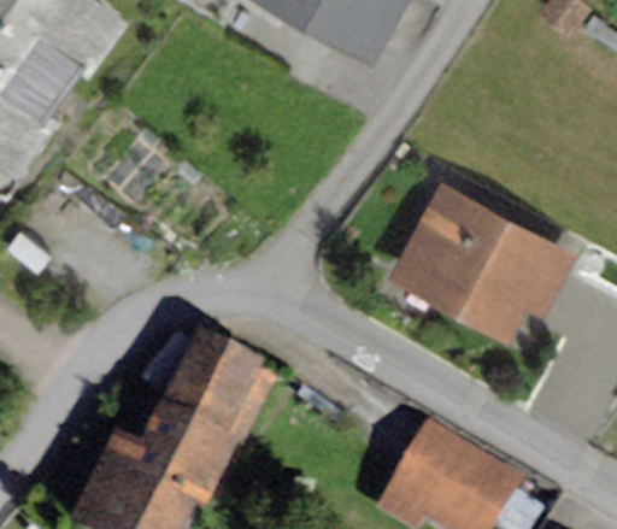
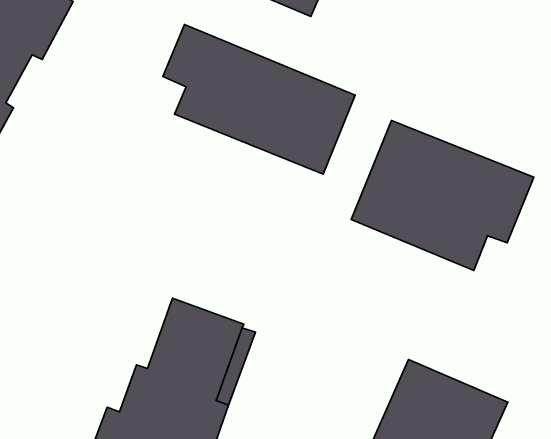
building: none -> [163,24,355,174]

